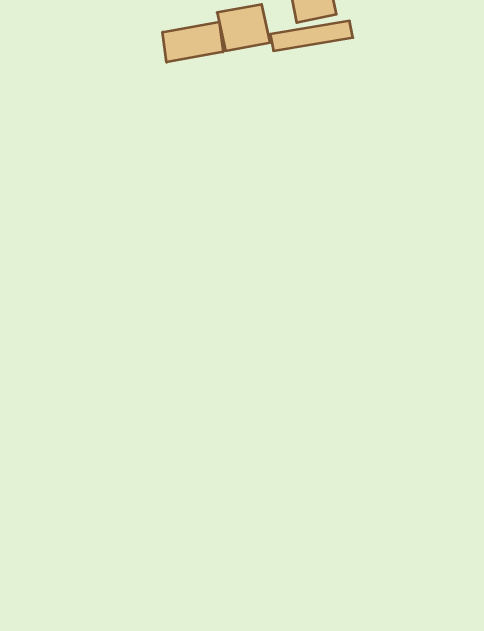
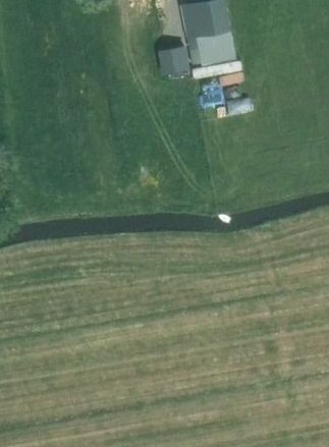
building: [163,22,223,62] -> none

